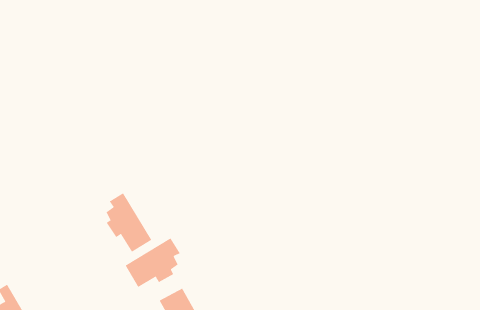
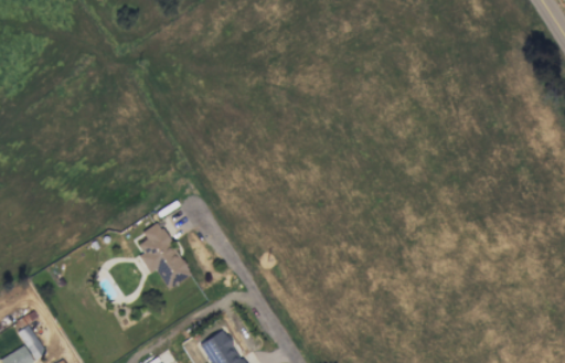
building: [125,237,180,288] -> none

